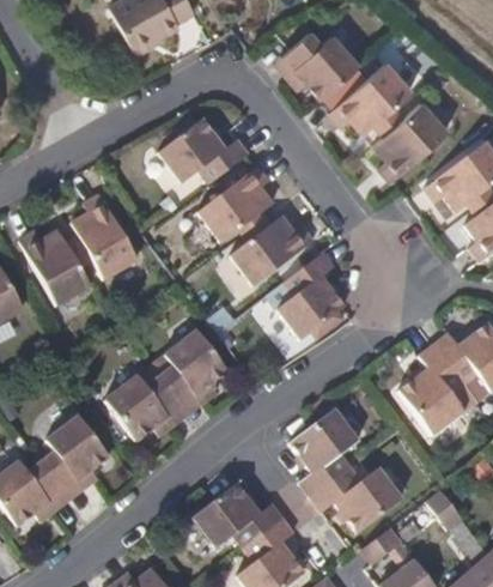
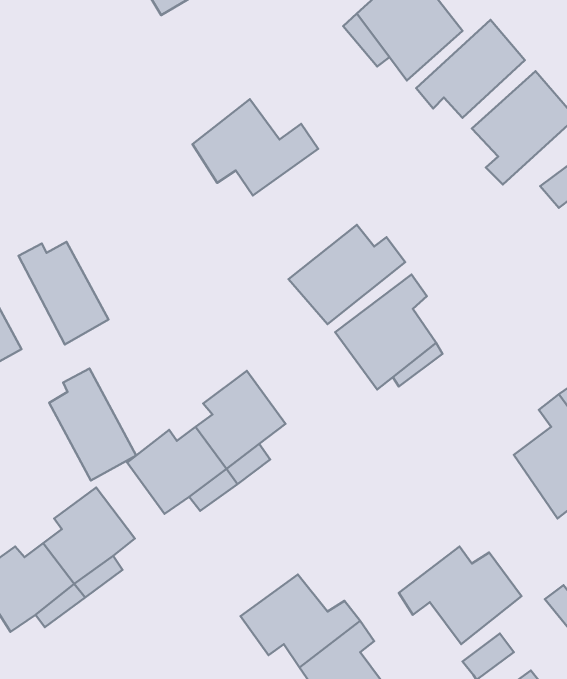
building: [193,165,270,243] -> none
building: [73,194,140,280] -> [49,369,136,480]
building: [291,406,361,498] -> none

